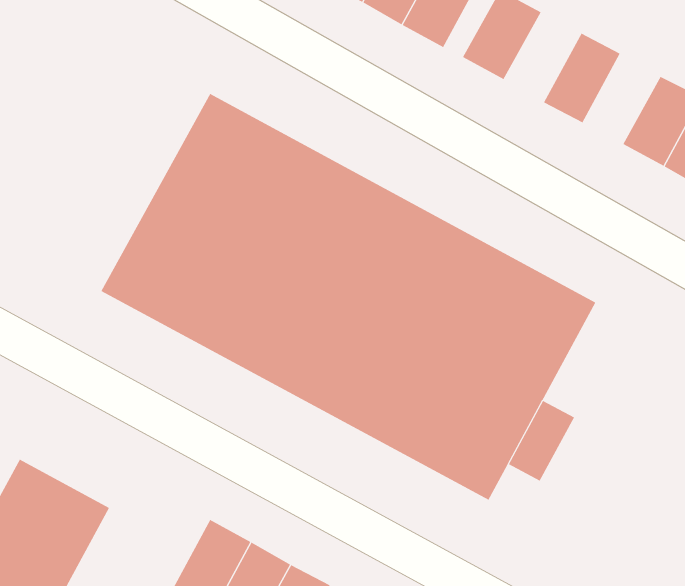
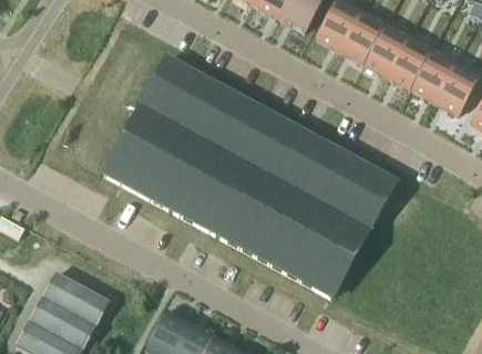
building: none -> [339,11,384,64]
building: none -> [386,35,431,88]
building: [508,400,575,482] -> none

